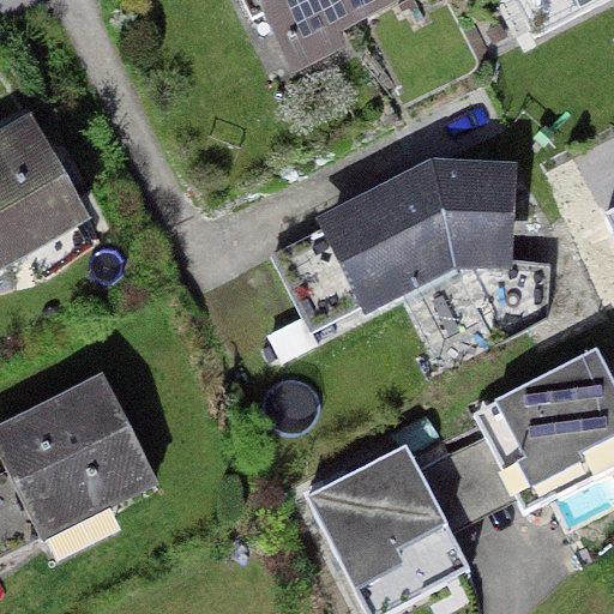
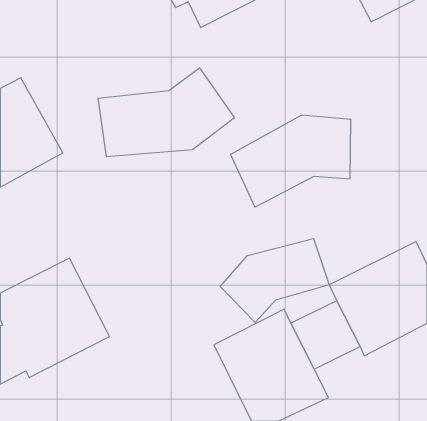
building: none -> [98,68,234,157]
building: none -> [220,239,329,323]

